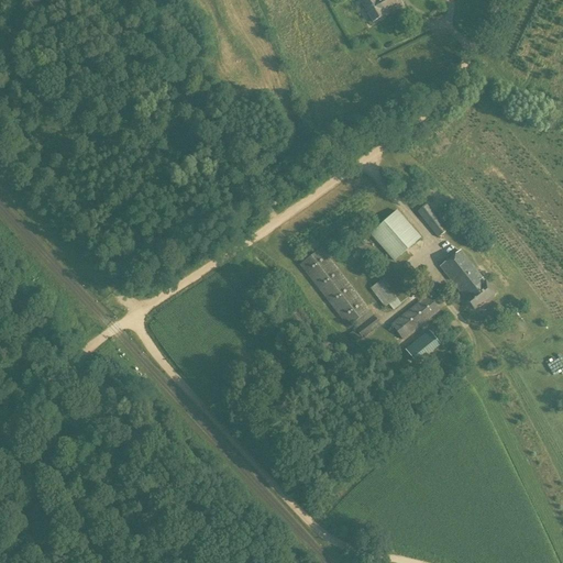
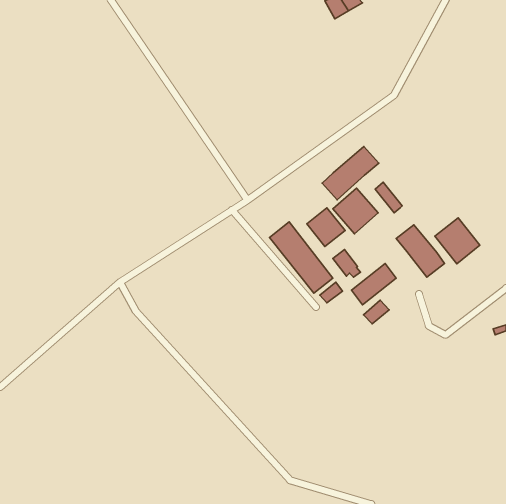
building: none -> [322,146,379,200]
building: none -> [307,208,345,247]
building: none -> [435,218,480,264]

